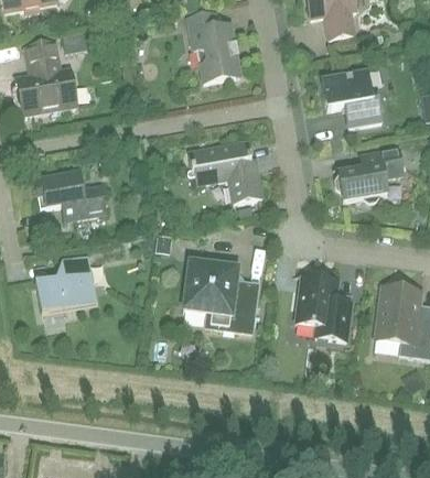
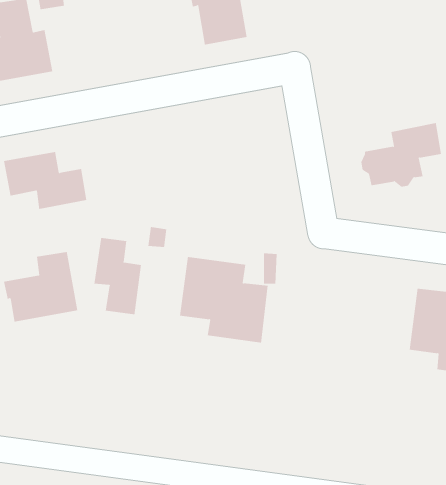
building: [321,70,381,127] -> none
building: [187,140,261,202] -> none
building: none -> [94,237,142,315]
building: [295,274,351,339] -> none

